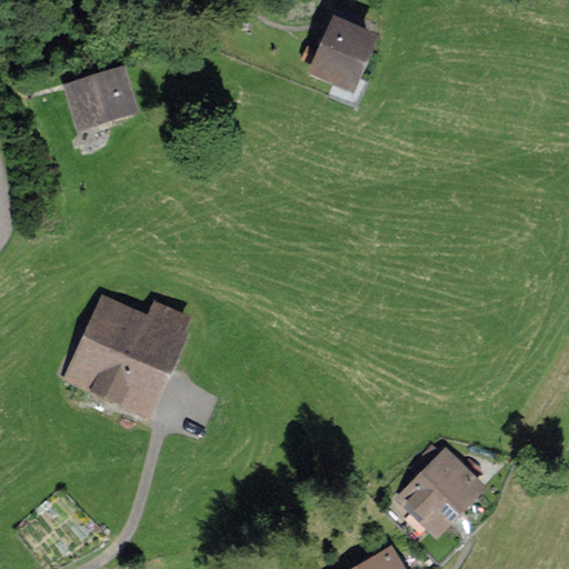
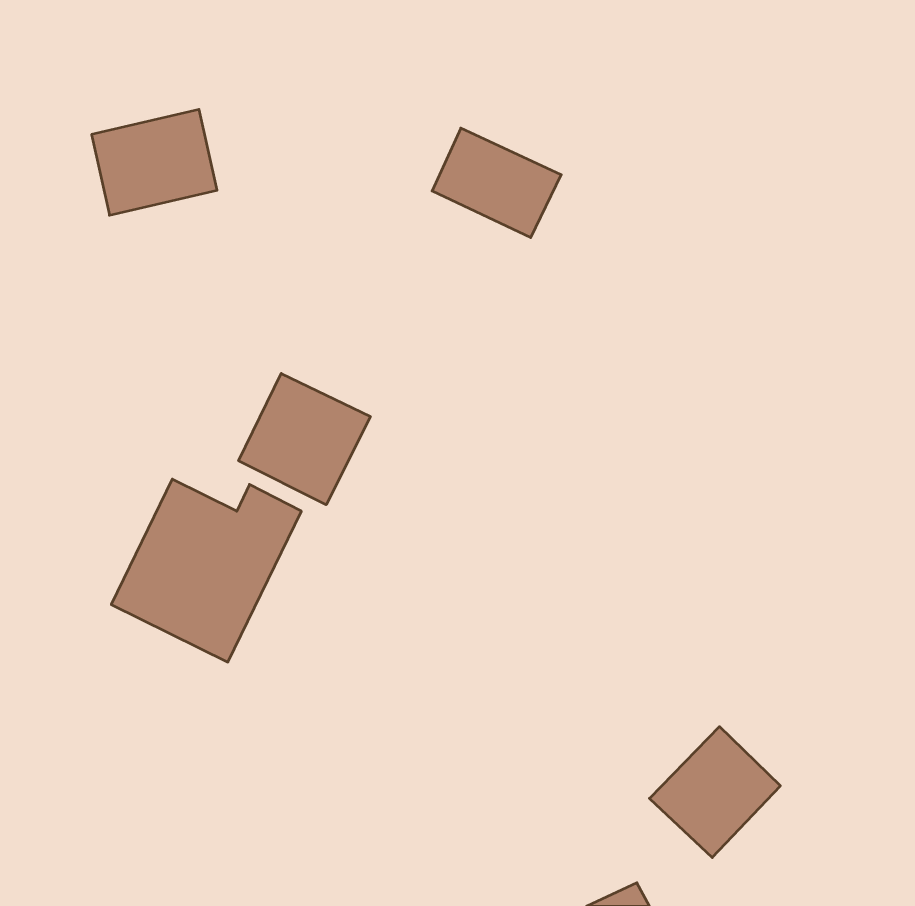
building: [296,9,376,77] -> [432,128,561,238]
building: none -> [239,373,370,505]

